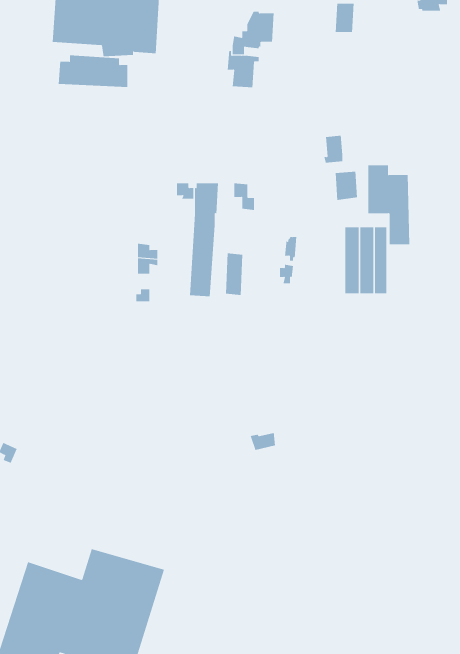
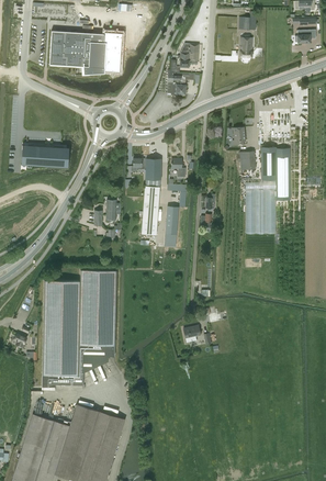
building: [58,55,128,87] -> [21,145,68,167]
building: none -> [42,269,116,387]

